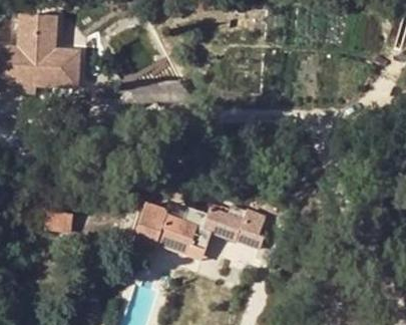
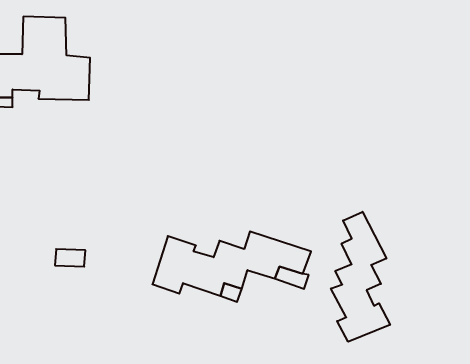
building: none -> [331,212,390,342]

